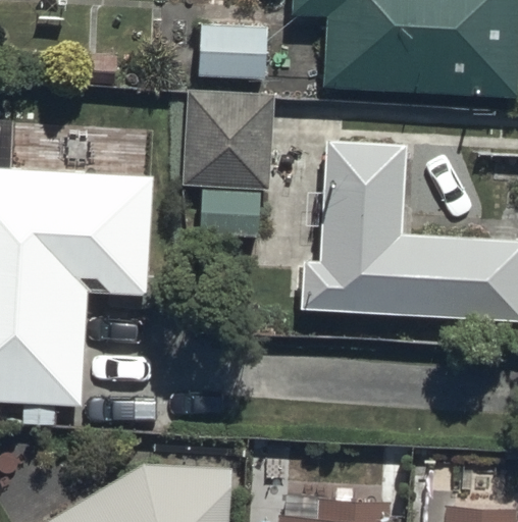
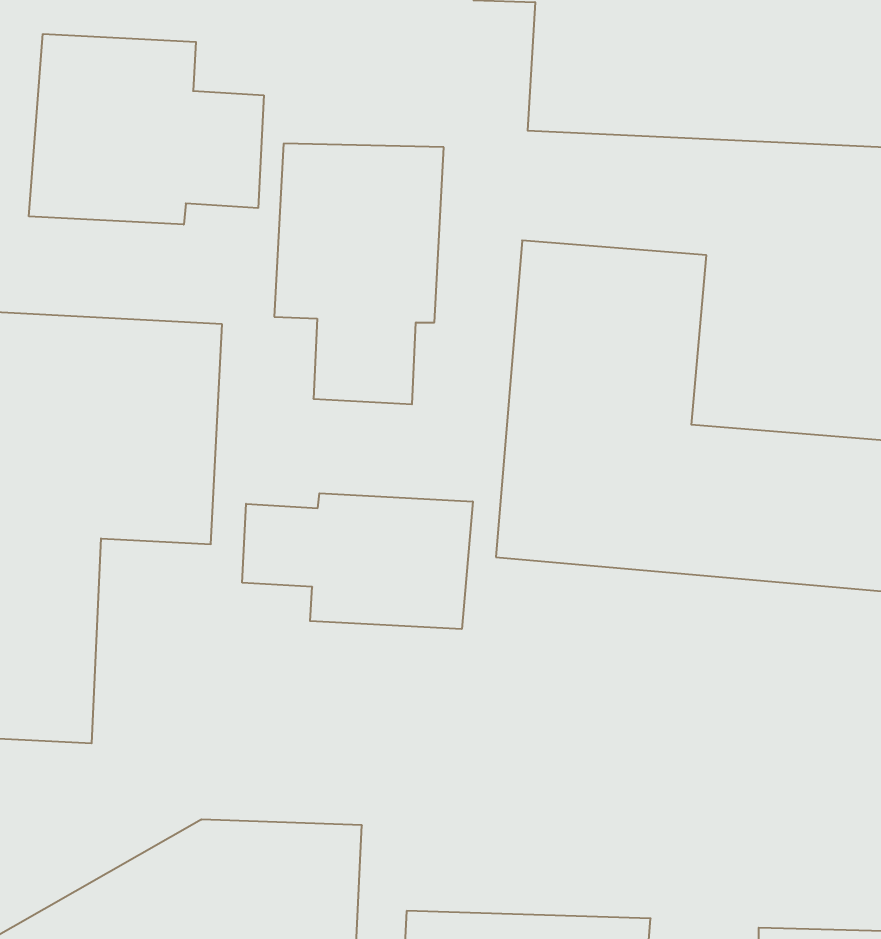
building: none -> [29,34,264,225]
building: none -> [242,493,473,629]

